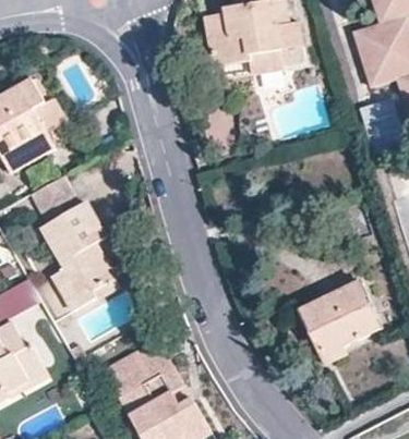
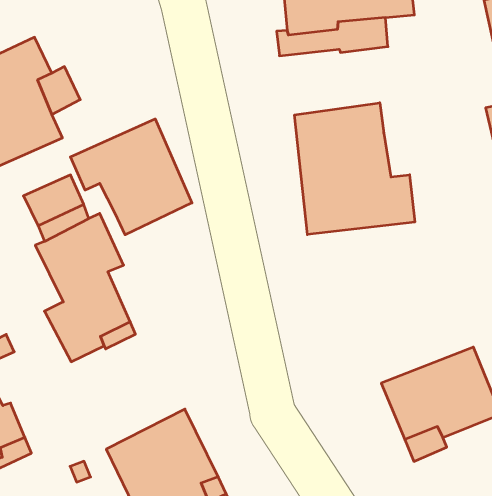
building: none -> [295,103,415,235]
building: none -> [70,119,192,235]

